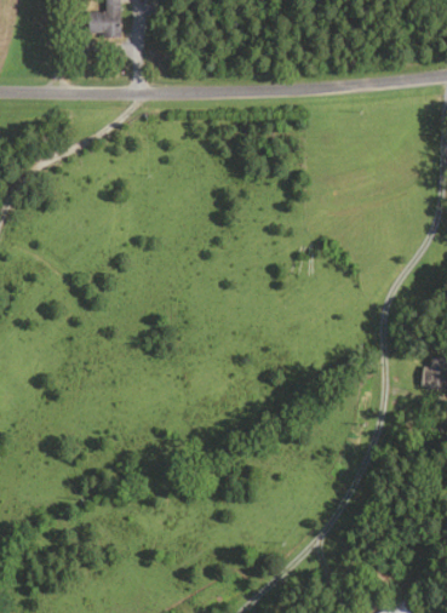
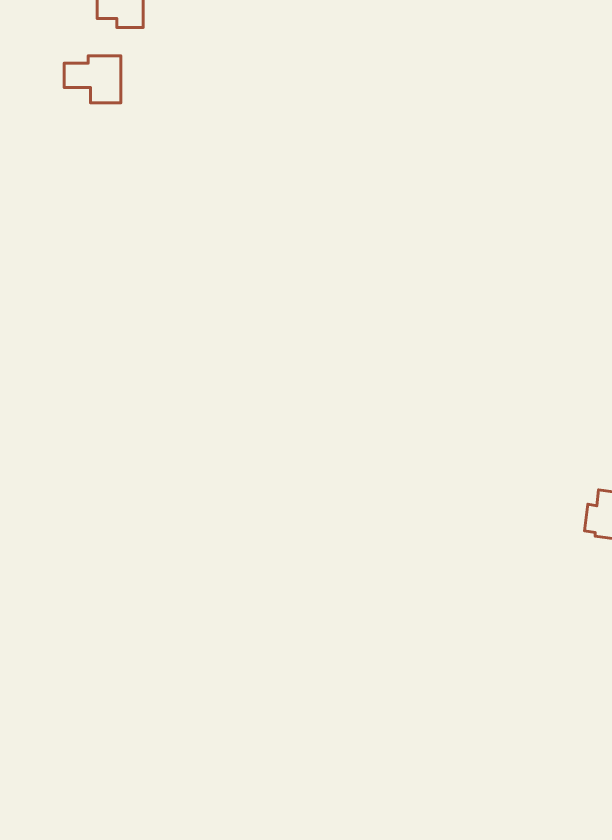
building: none -> [64,56,121,103]

